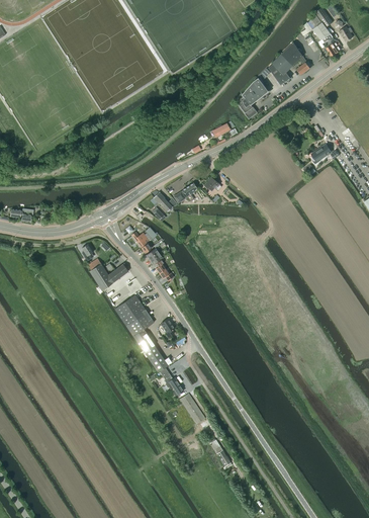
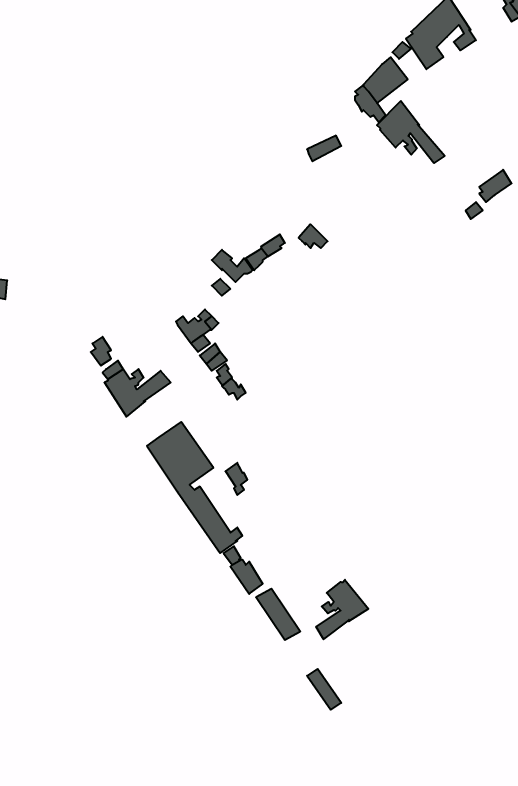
building: none -> [377,101,445,163]
building: none -> [316,580,368,639]

